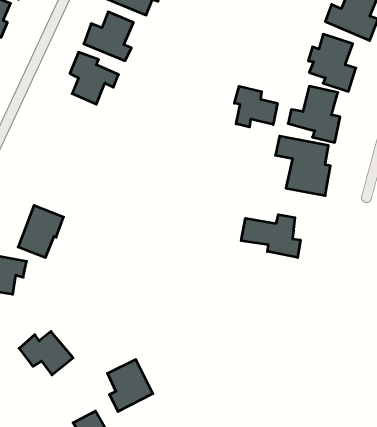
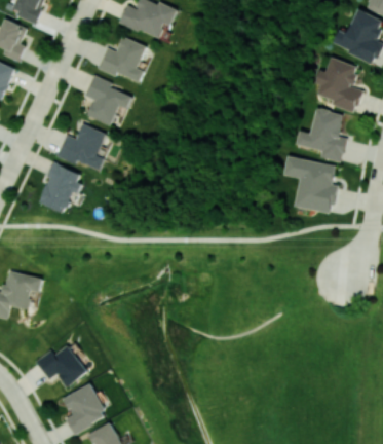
building: [234,86,277,127] -> none
building: none -> [55,123,106,171]
building: [18,205,64,257] -> [38,162,82,213]
building: [241,215,300,258] -> none
building: [107,360,153,412] -> [63,383,107,434]

